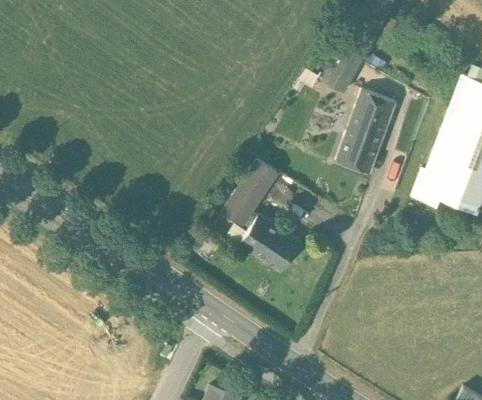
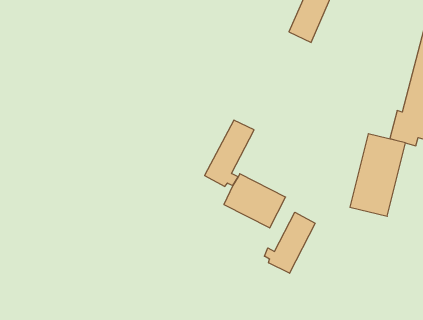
building: [334,89,396,173] -> [350,134,405,216]
building: none -> [264,212,315,273]

